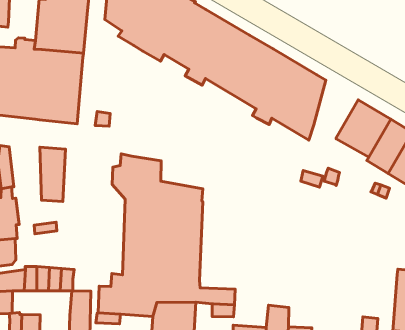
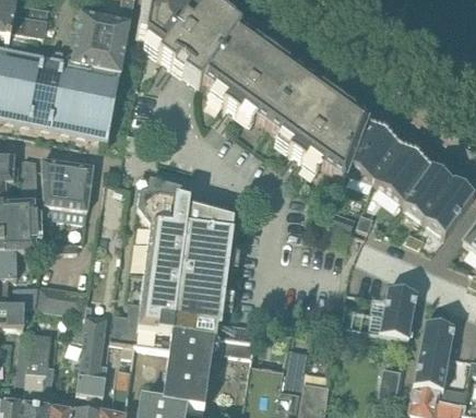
building: none -> [352,118,400,178]
building: none -> [43,157,68,215]
building: none -> [338,285,418,338]

